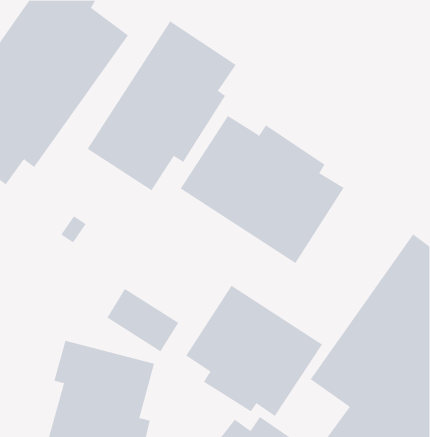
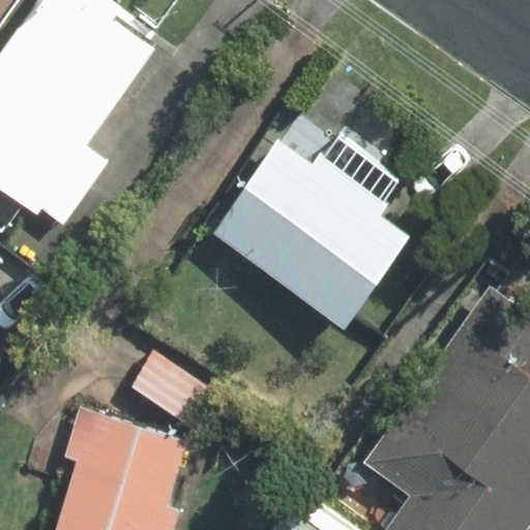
building: [87,20,236,191] -> none
building: [185,285,323,417] -> none

